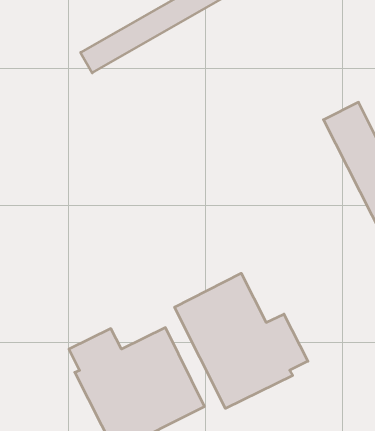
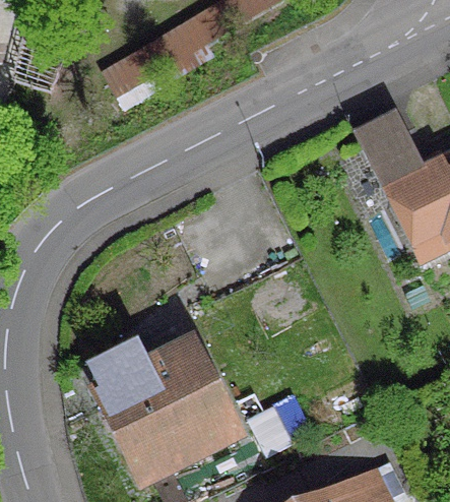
building: [175,273,308,408] -> none

